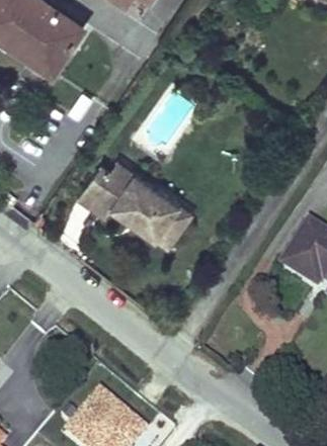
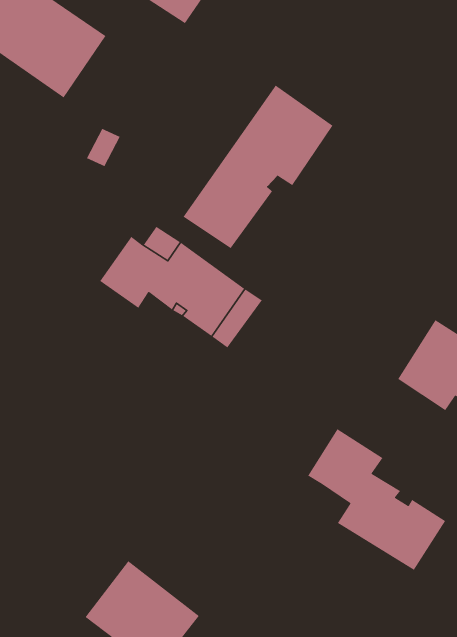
building: none -> [182,84,334,249]
building: none -> [307,428,446,571]

